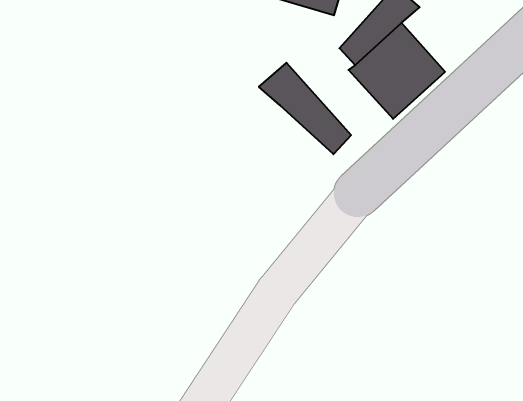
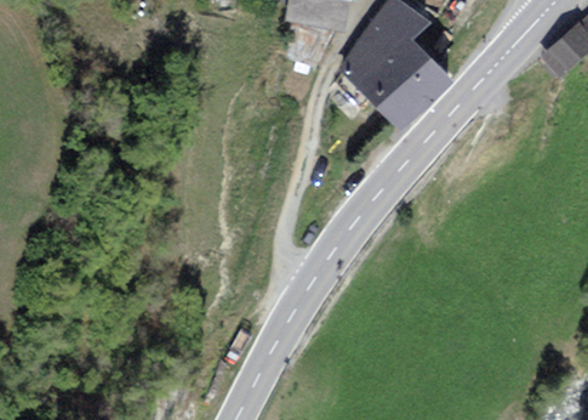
building: [259,63,351,154] -> none

